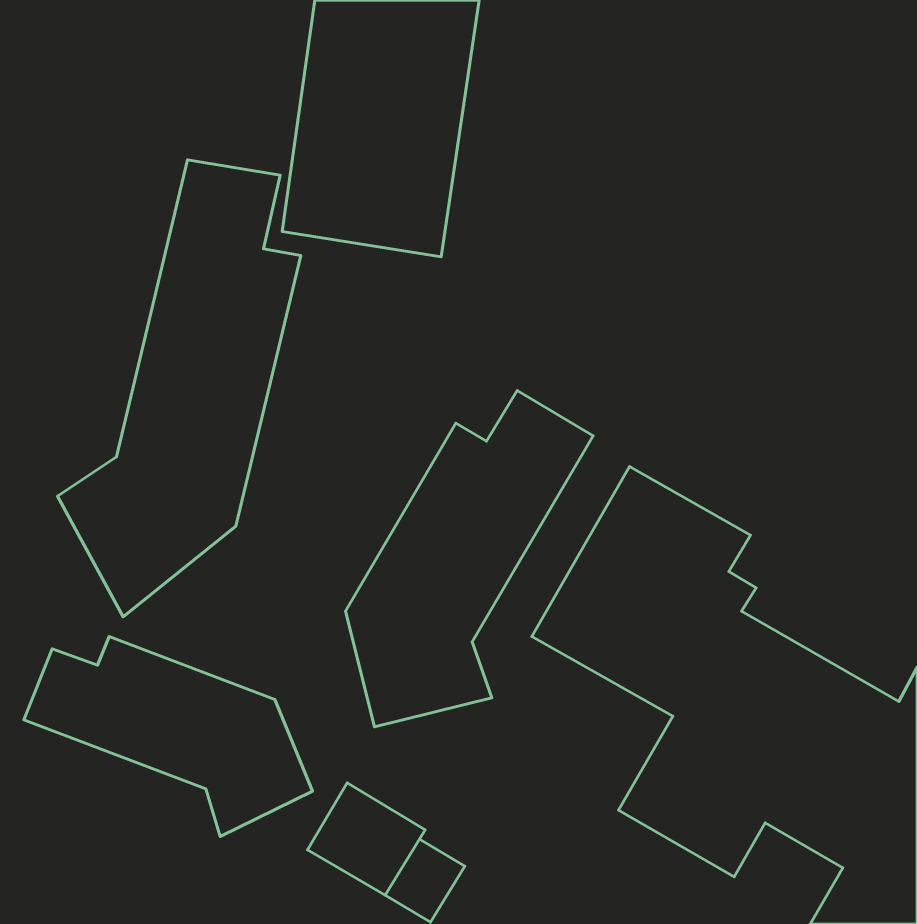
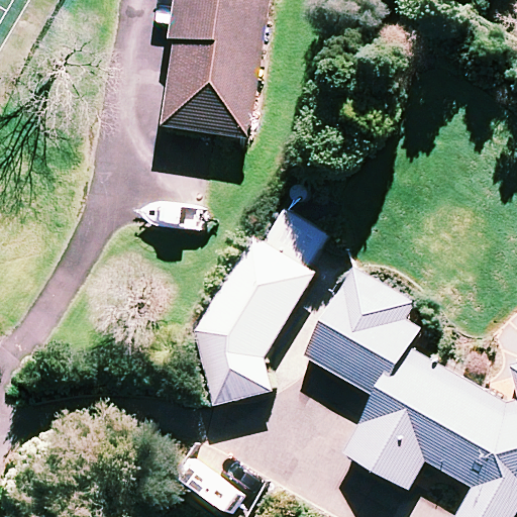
building: [57,160,301,617] -> none
building: [24,636,312,836] -> none

